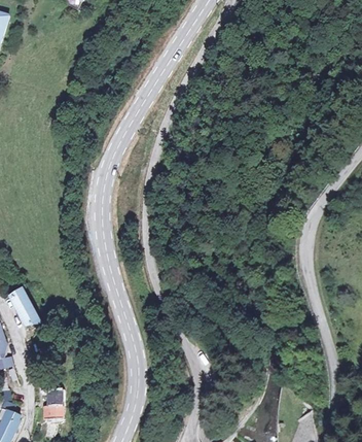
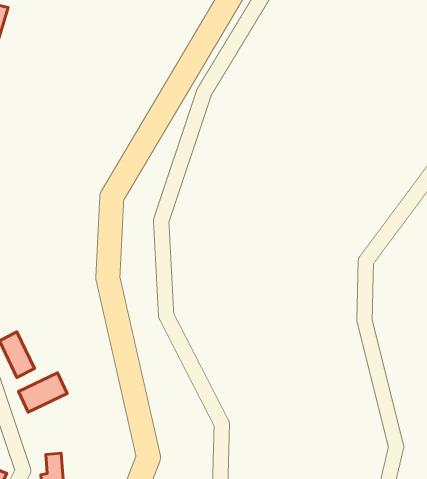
building: none -> [19,373,67,412]

